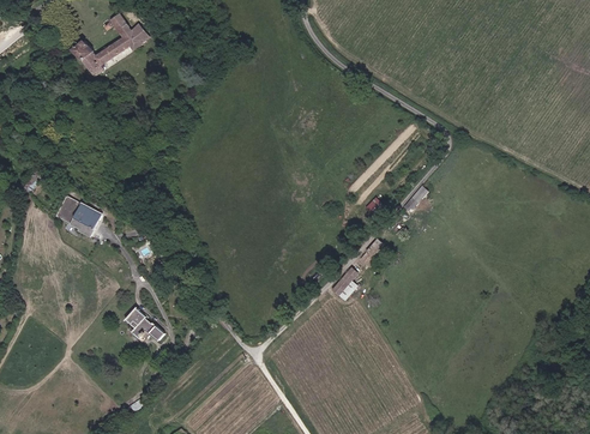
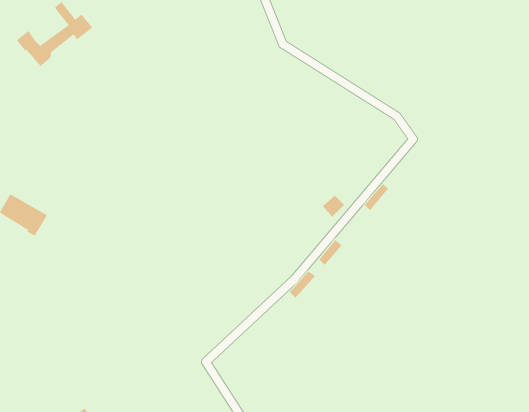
building: [126,308,165,342] -> none

